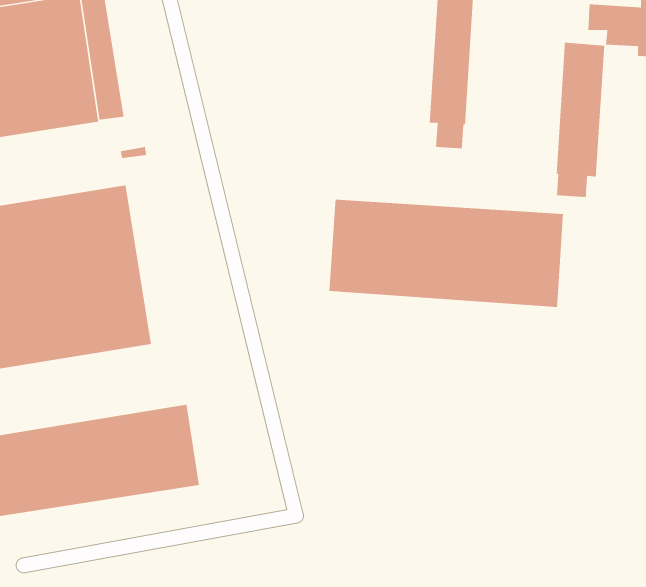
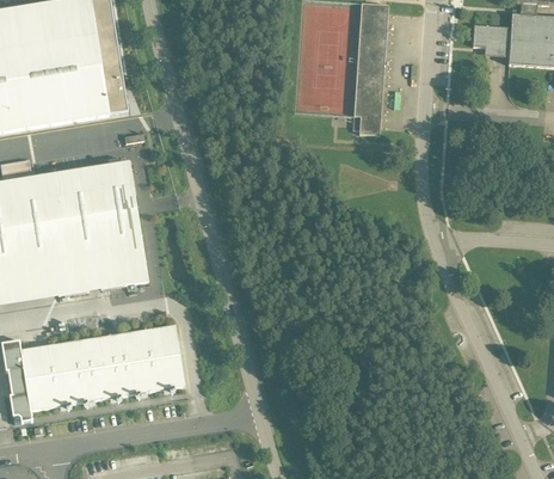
building: [556,42,605,198] -> none
building: [329,199,564,308] -> none

